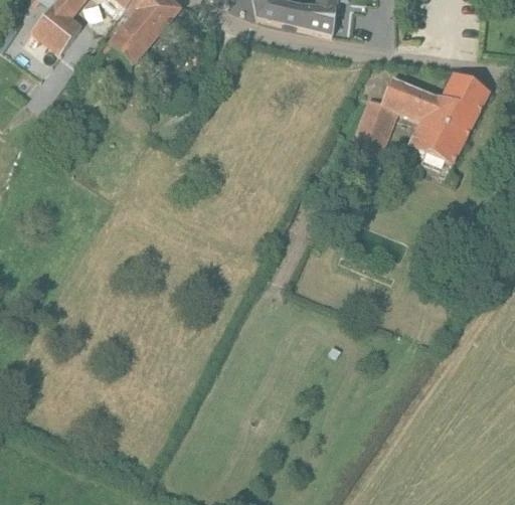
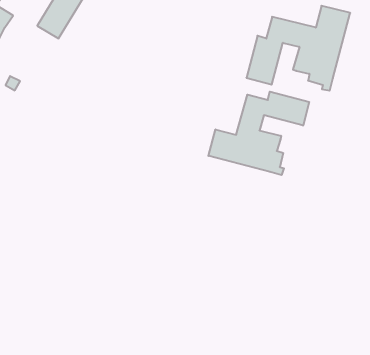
building: none -> [208,92,309,175]

